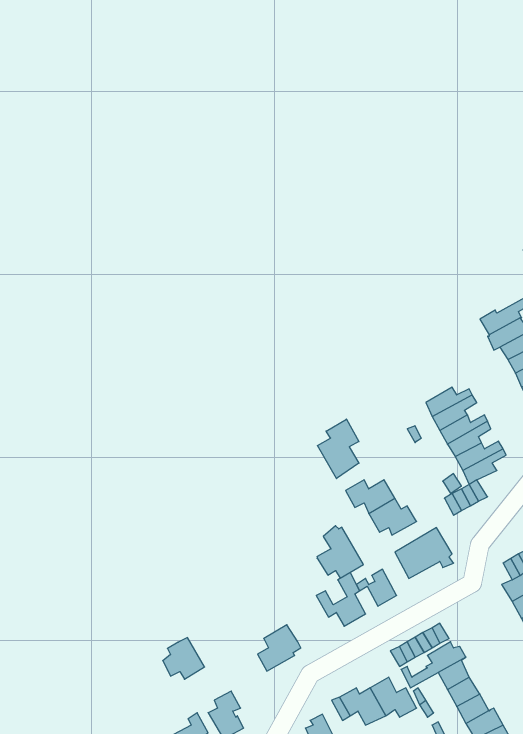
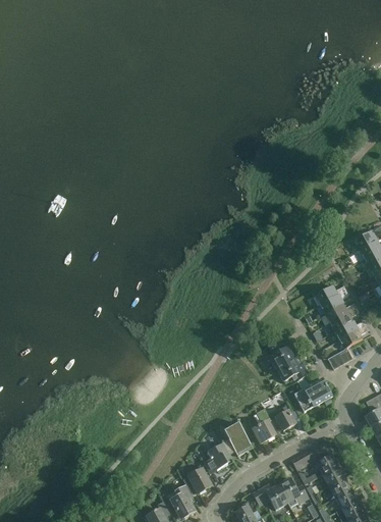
building: [317,419,359,479] -> none
building: [317,526,363,578] -> [223,421,254,456]
building: [163,638,205,679] -> [183,465,211,492]

